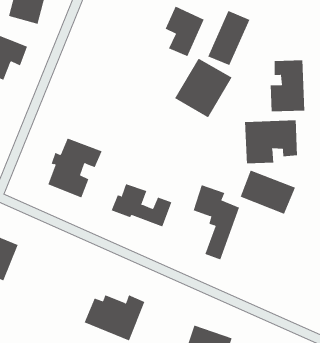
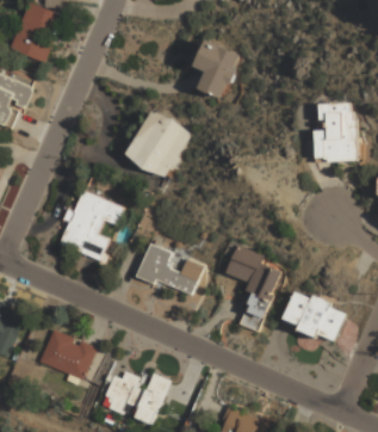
building: [208,10,250,66] -> none
building: [174,58,232,118] -> [124,110,191,179]
building: [244,120,298,164] -> none
building: [240,170,296,215] -> [281,290,346,341]
building: none -> [38,328,97,381]

